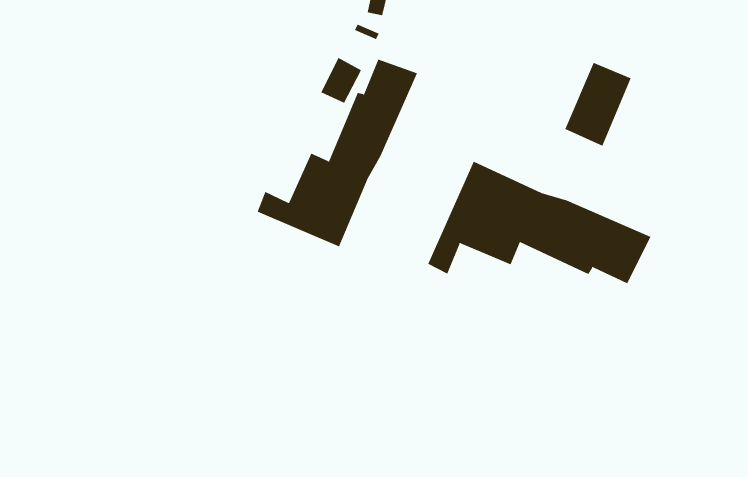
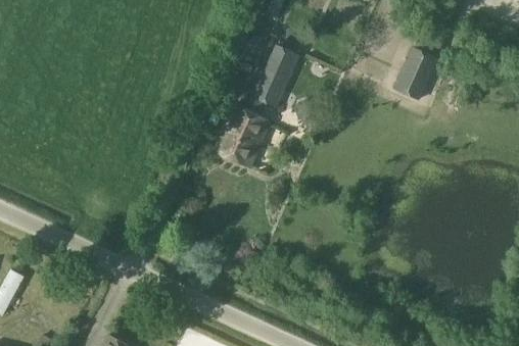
building: [427,161,651,284] -> none

